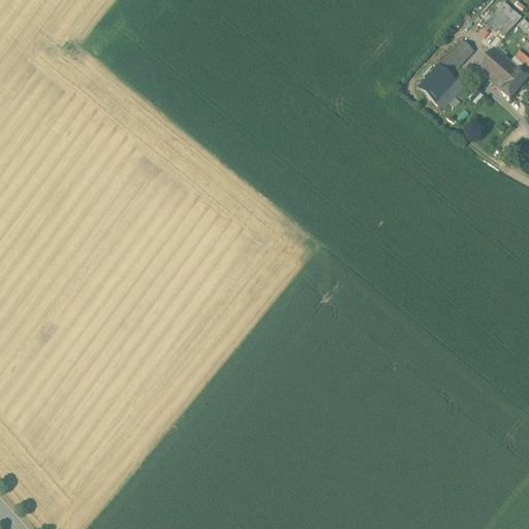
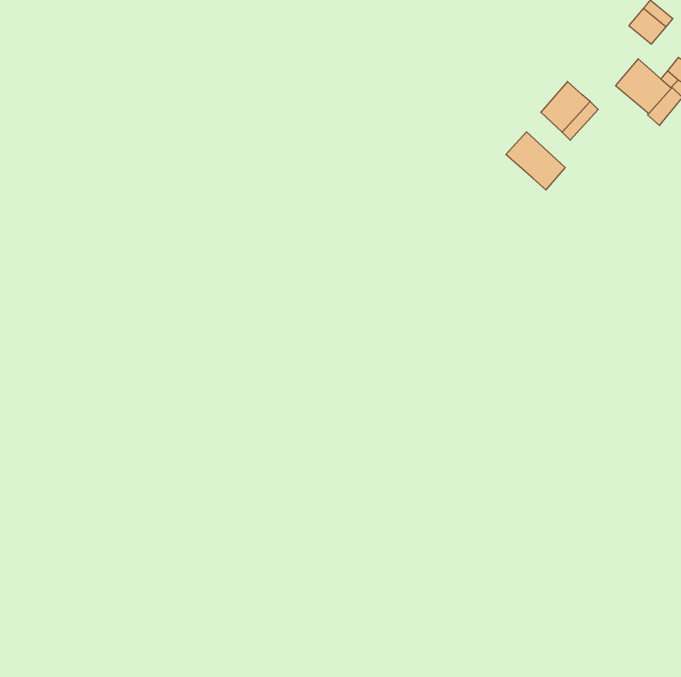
building: [440,39,474,73] -> none
building: none -> [506,132,565,190]

